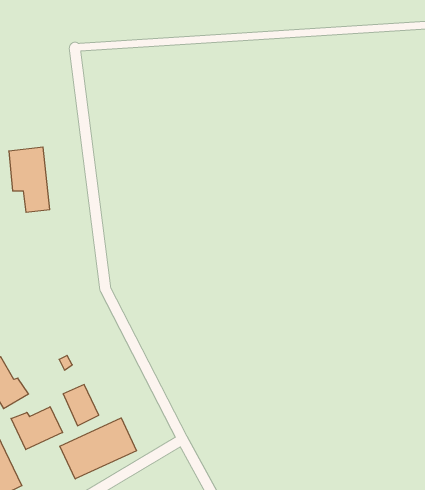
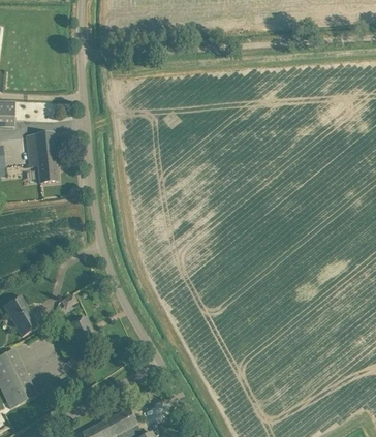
building: [11,407,63,450] -> none
building: [60,418,137,479] -> none

